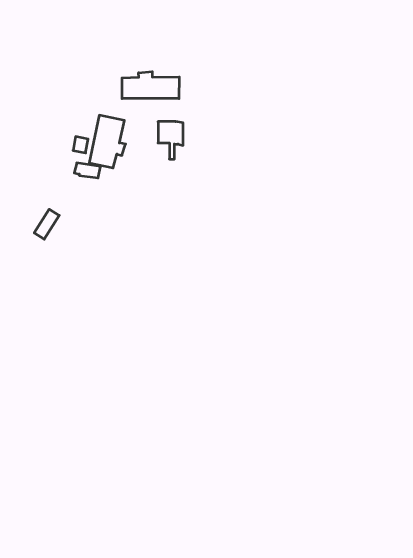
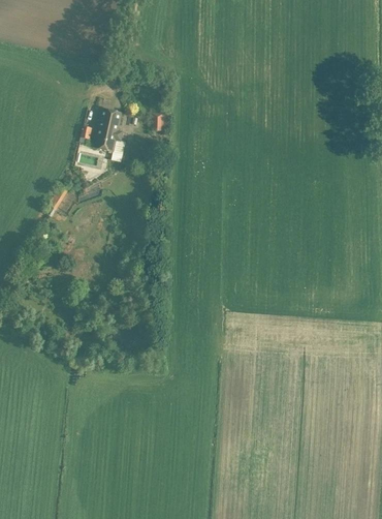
building: [122,72,179,99] -> none

